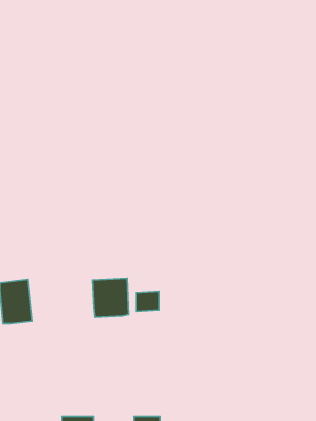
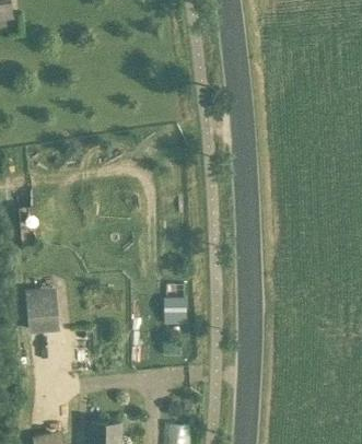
building: [92,278,129,317] -> none

